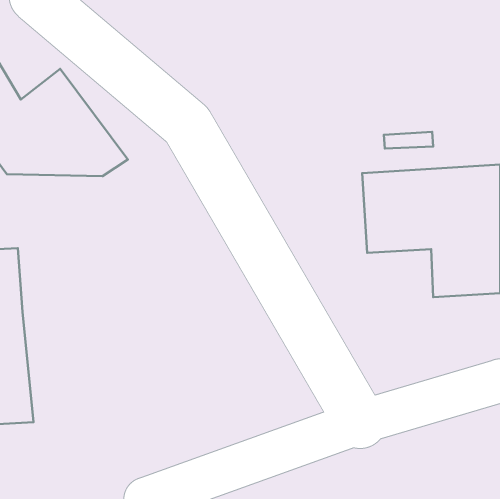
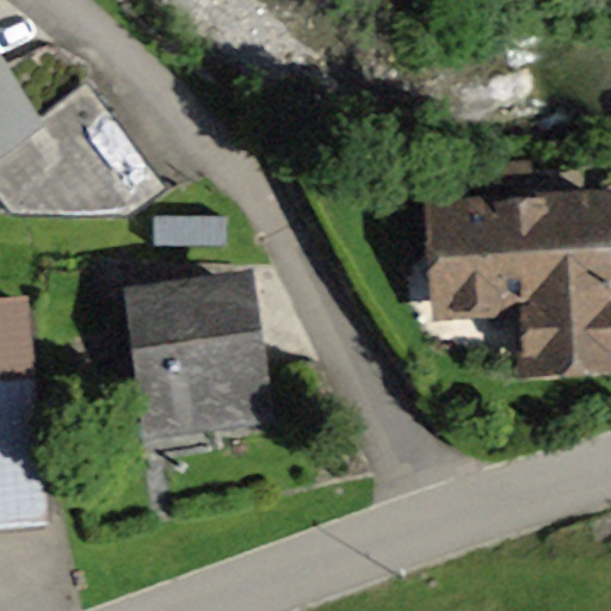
building: none -> [125,283,252,418]

